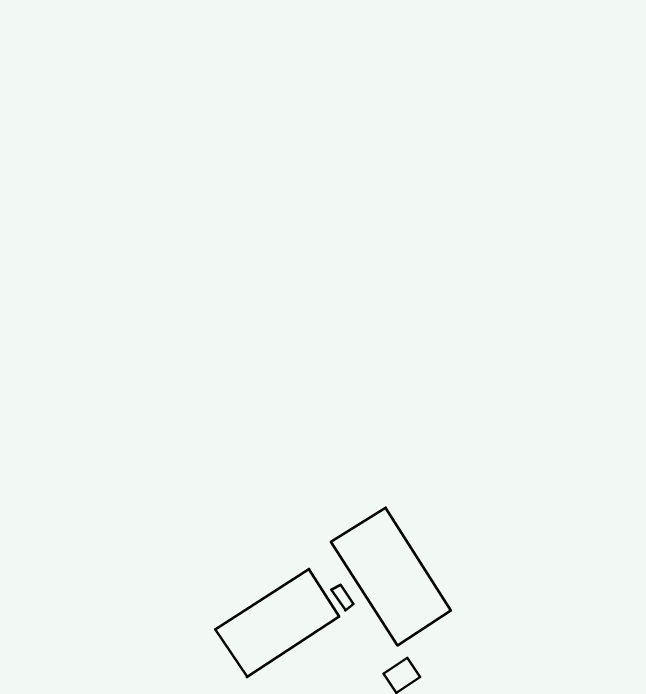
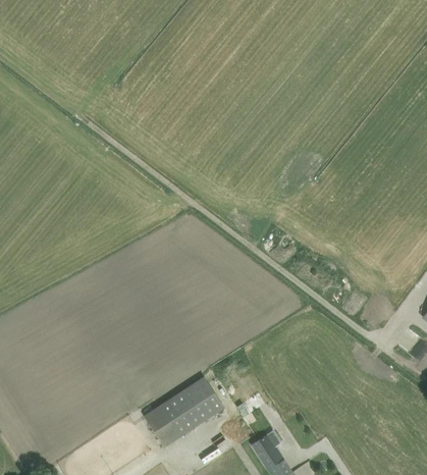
building: [331,508,451,645] -> none

